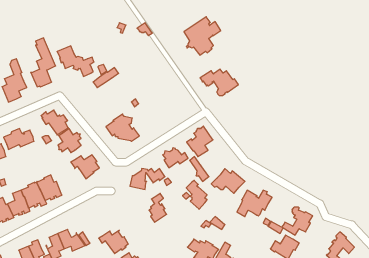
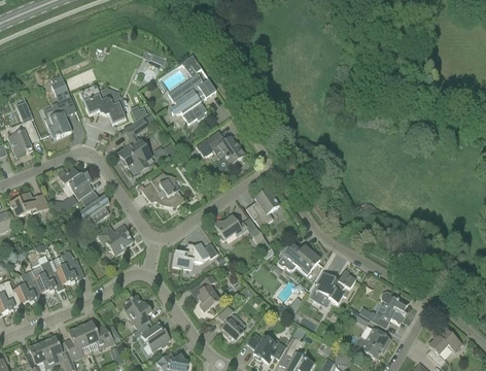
building: [184,17,221,55] -> [168,73,215,123]
building: [200,69,238,96] -> [196,134,245,168]
building: none -> [118,140,151,172]
building: [186,180,207,209] -> [217,306,244,343]
building: none -> [123,294,151,329]

